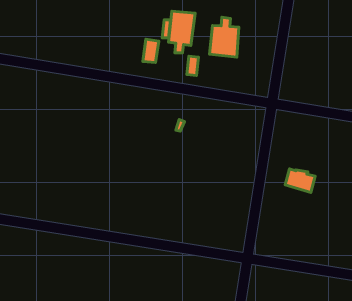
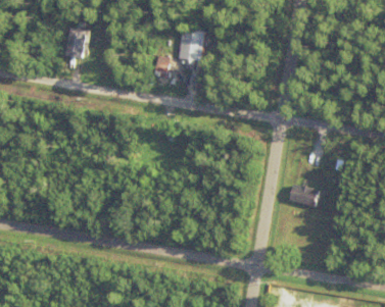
building: none -> [63,28,85,57]
building: [209,17,239,57] -> none

